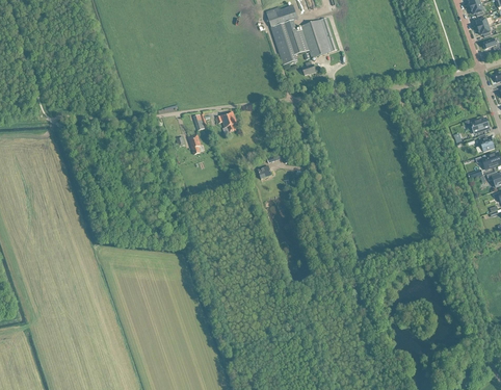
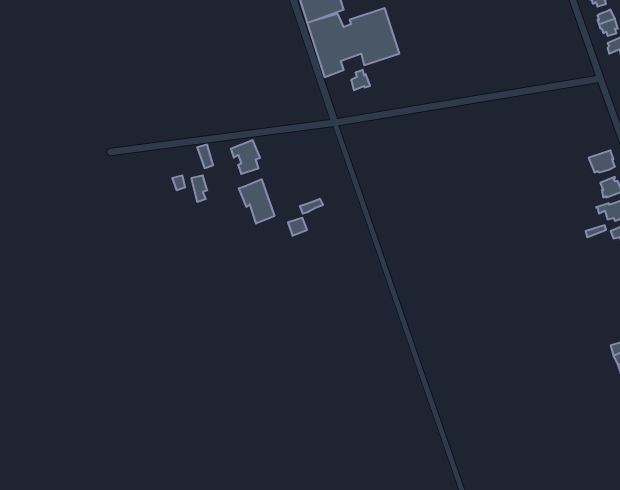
building: none -> [239,179,274,224]

